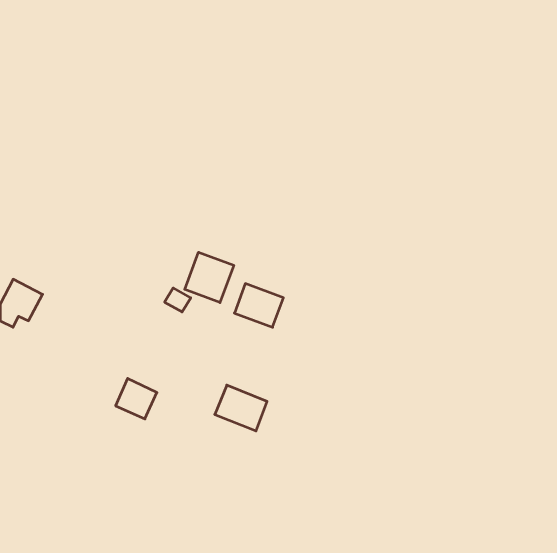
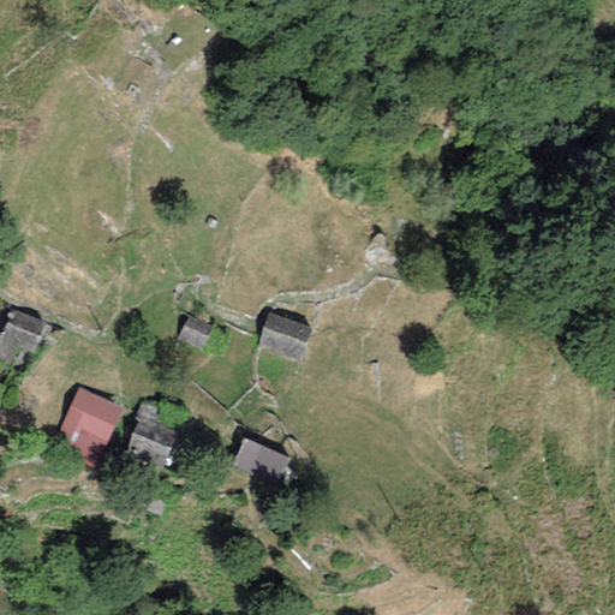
building: [185,252,234,303] -> none
building: none -> [56,387,124,465]

